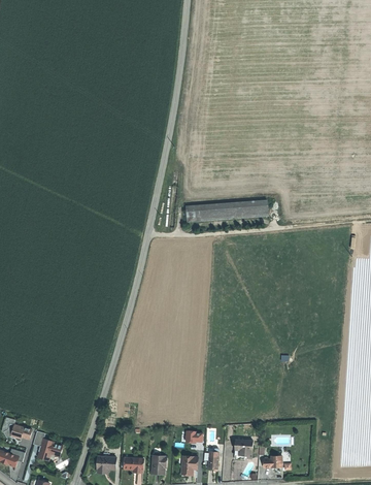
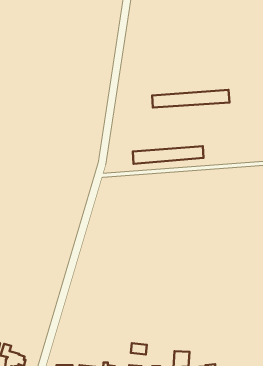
building: none -> [152,90,230,108]

